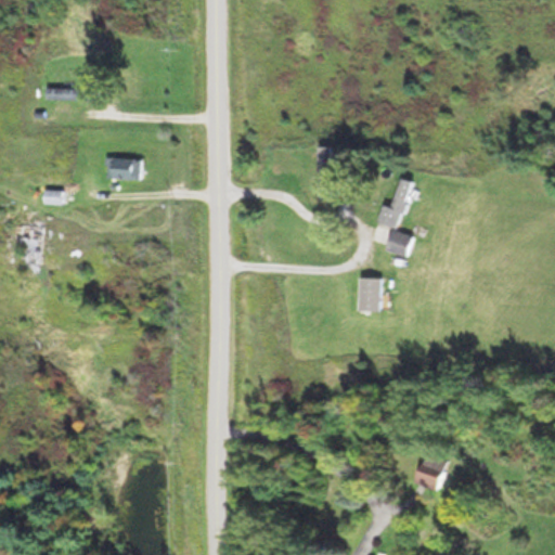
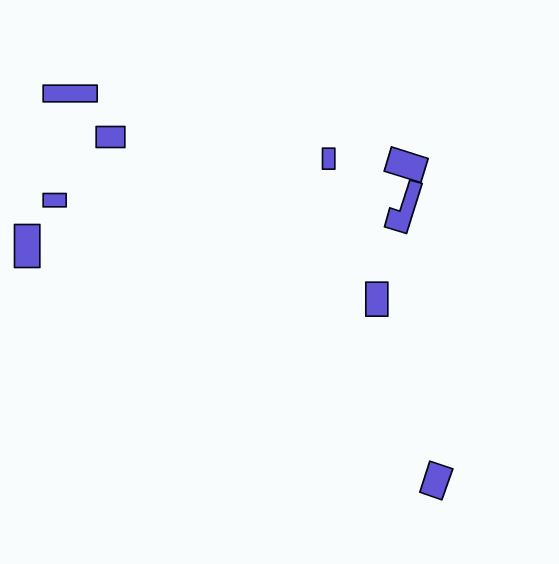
building: none -> [384,147,428,183]
building: [112,159,140,180] -> [96,127,125,148]
building: [386,231,413,257] -> none

